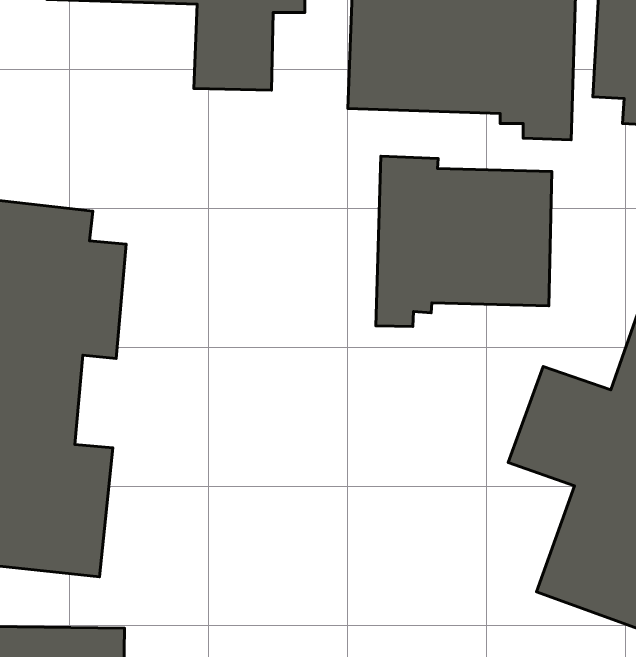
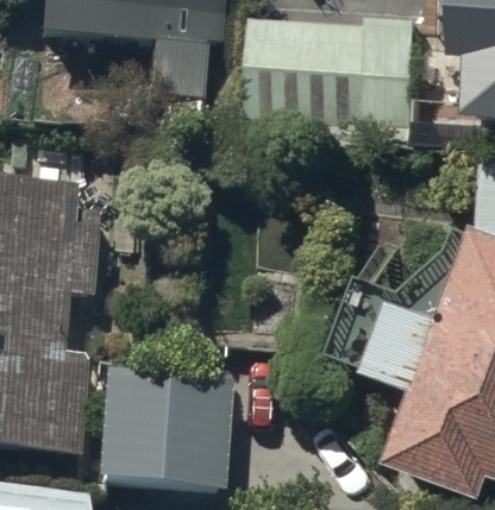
building: [376,156,552,327] -> none
building: none -> [98,370,231,485]

